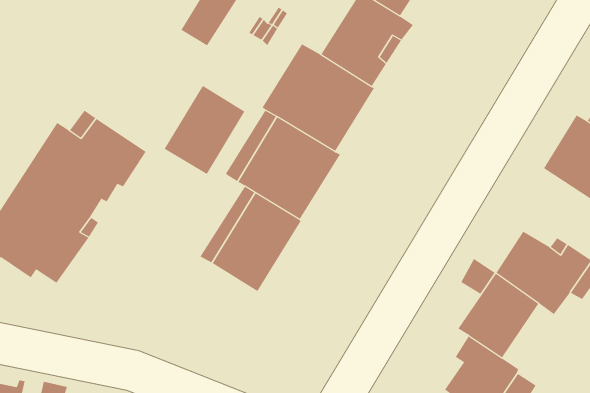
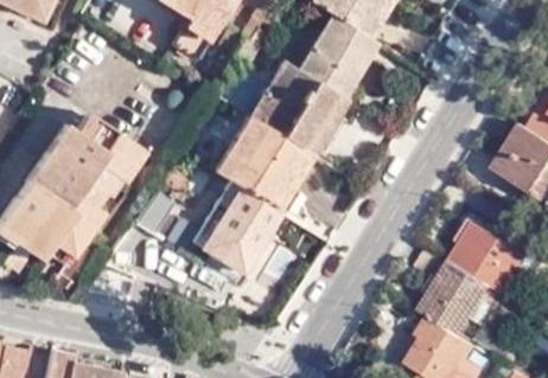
building: [164,85,245,175] -> none

